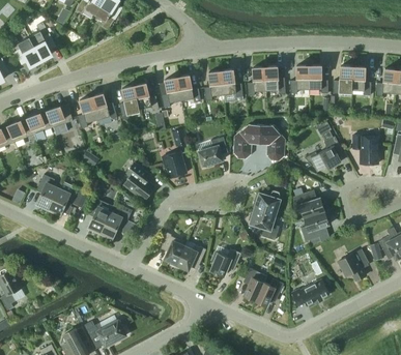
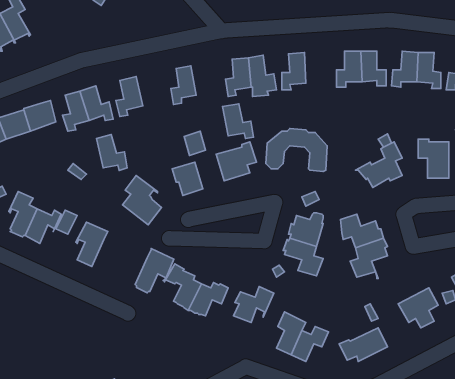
building: [264,66,285,94] -> none
building: [176,76,200,102] -> [223,104,253,139]
building: [134,83,157,111] -> [96,134,127,170]
building: [99,205,130,239] -> [135,249,174,293]

